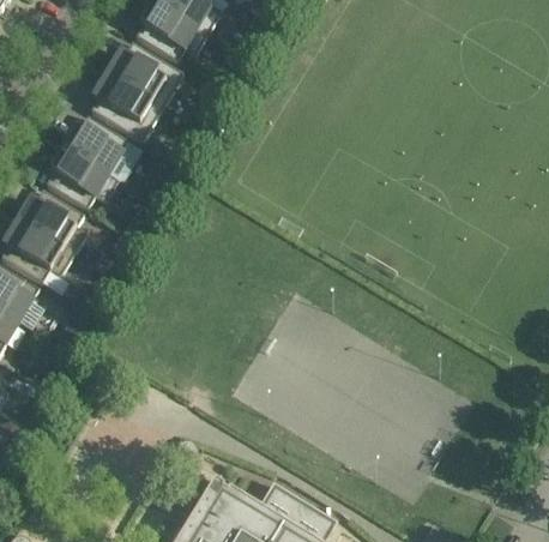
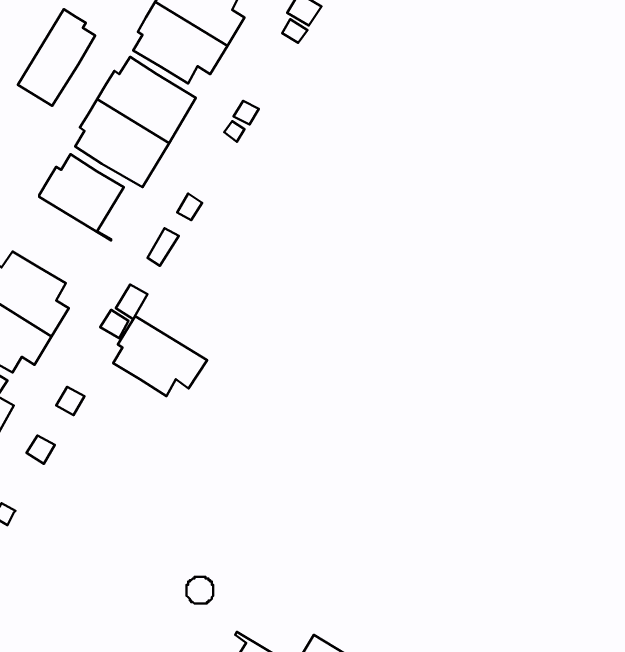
building: none -> [18,9,95,106]
building: [43,151,115,212] -> [113,316,207,396]

